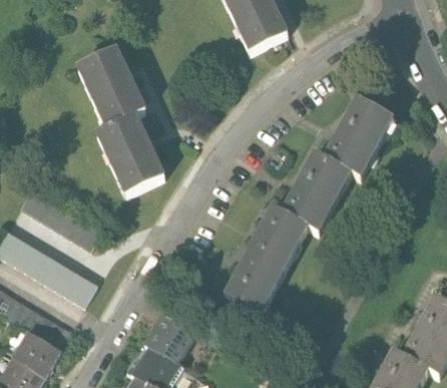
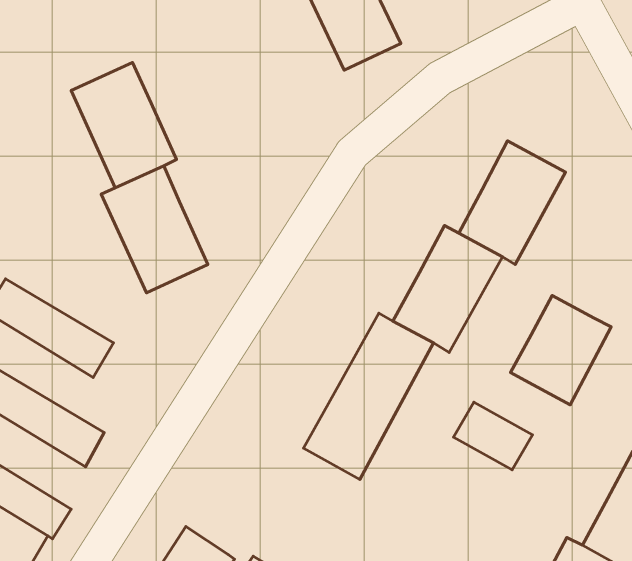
building: none -> [510,295,611,405]
building: none -> [453,402,533,470]
building: [144,315,192,362] -> none

